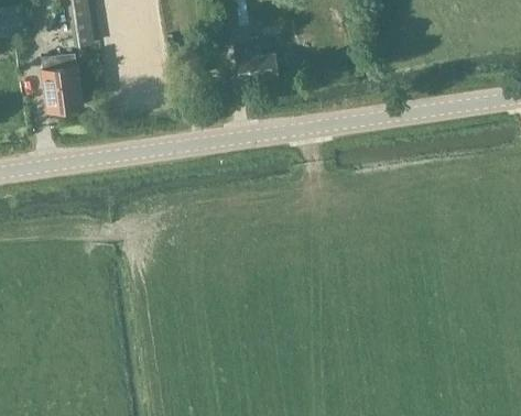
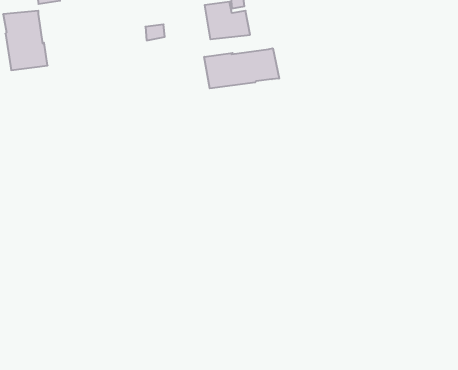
building: none -> [204,48,279,88]

